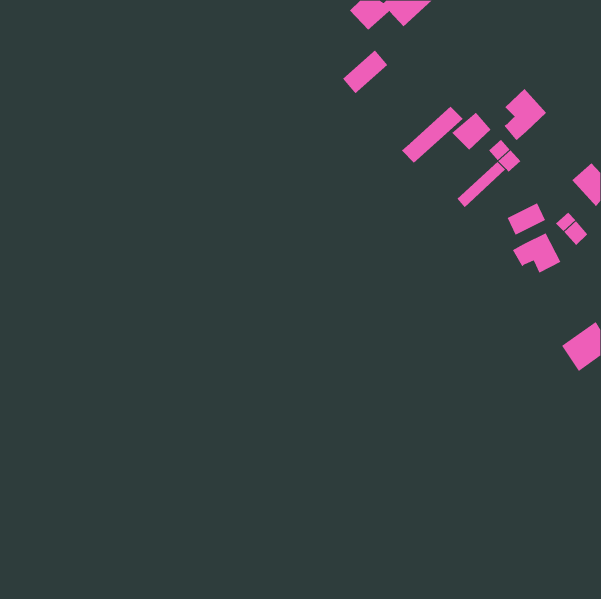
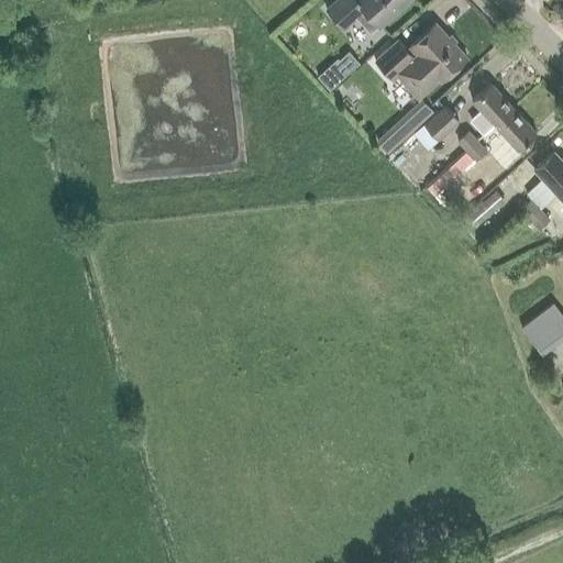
building: none -> [374,25,466,99]
building: none -> [493,108,536,152]
building: [512,232,561,273] -> none

